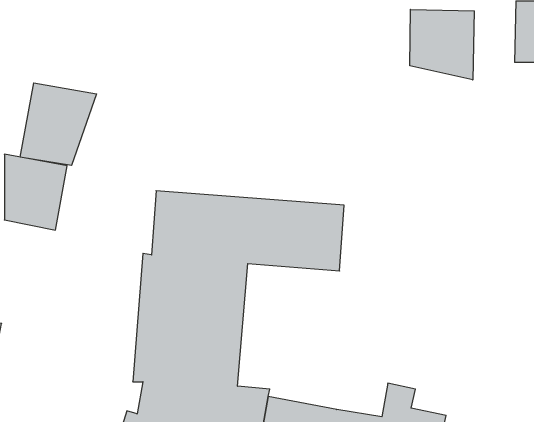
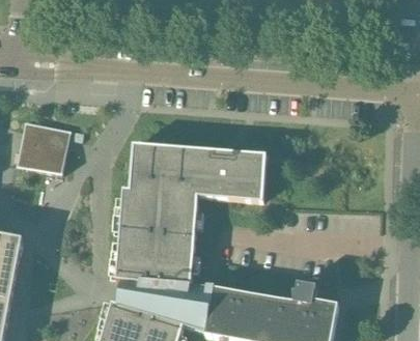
building: [410,9,474,80] -> none
building: [20,83,97,165] -> none

